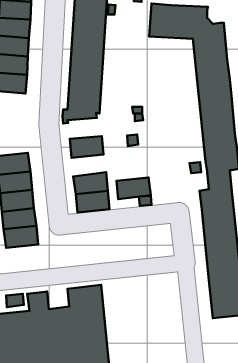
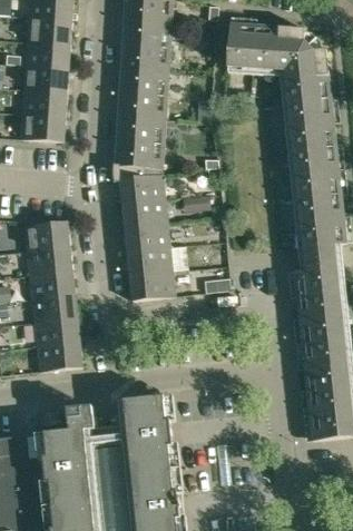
building: none -> [119,175,165,203]
building: [116,177,151,199] -> [125,224,170,253]
building: none -> [38,343,82,372]

